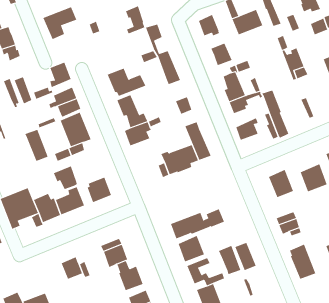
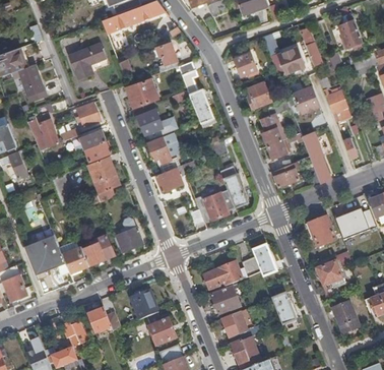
building: none -> [125,77,158,108]
building: none -> [292,84,319,112]
building: [53,166,78,190] -> none
building: [218,245,241,275] -> [253,244,277,275]
building: none -> [62,321,89,346]

